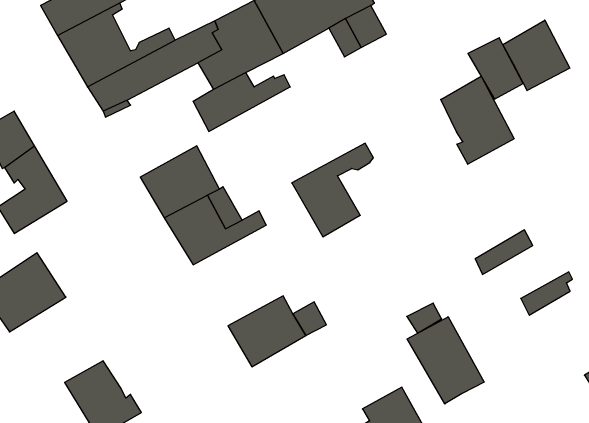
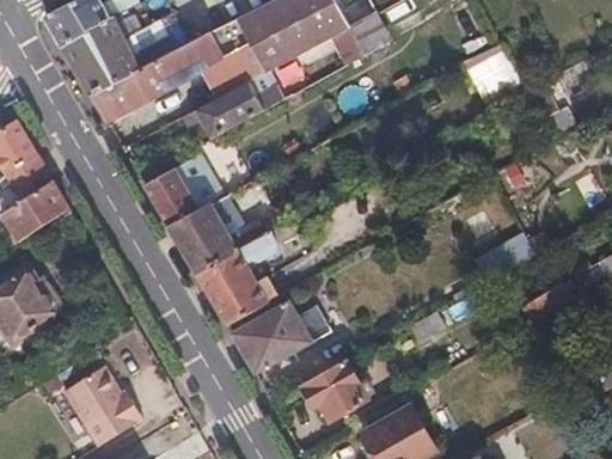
building: [503,20,570,91] -> none
building: [441,76,514,164] -> none
building: [292,143,373,237] -> [195,233,276,326]
building: [407,317,484,404] -> none
building: none -> [302,360,366,418]

